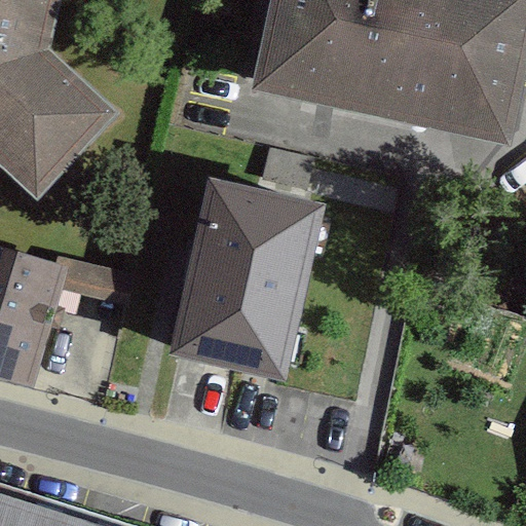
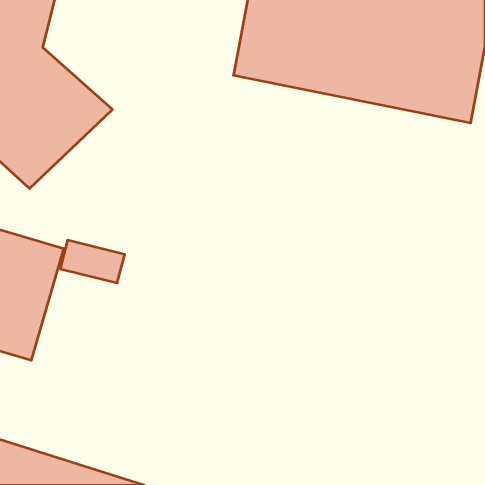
building: [170,182,325,384] -> none

